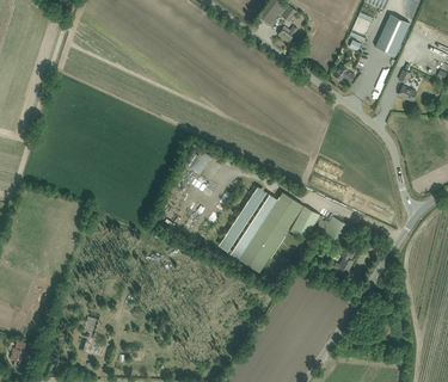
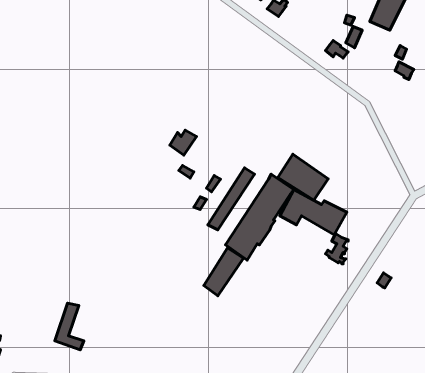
building: none -> [278,154,328,200]
building: none -> [204,248,243,296]

